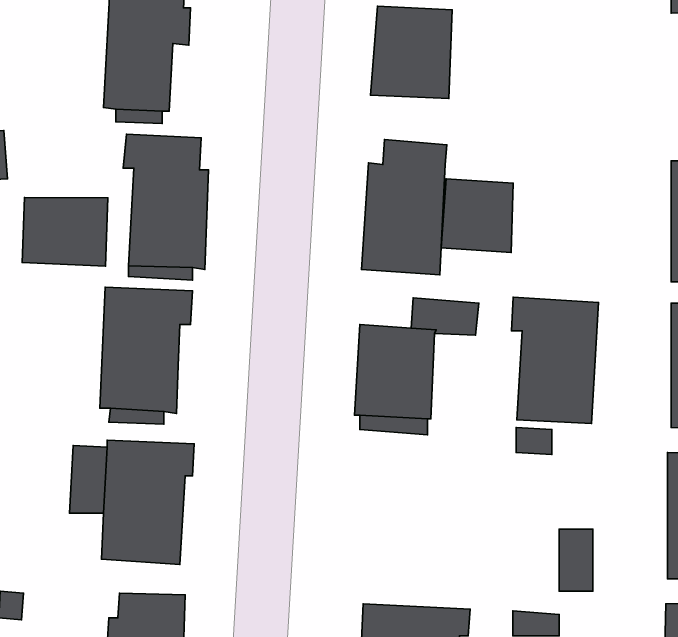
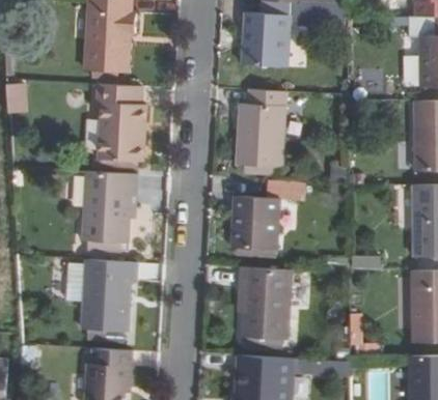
building: [441,179,513,253] -> none
building: [22,198,108,266] -> none
building: [511,297,599,423] -> [238,267,289,341]

